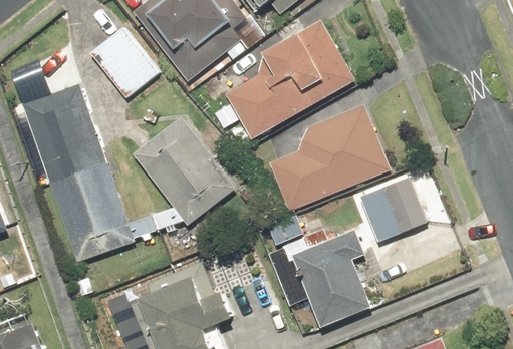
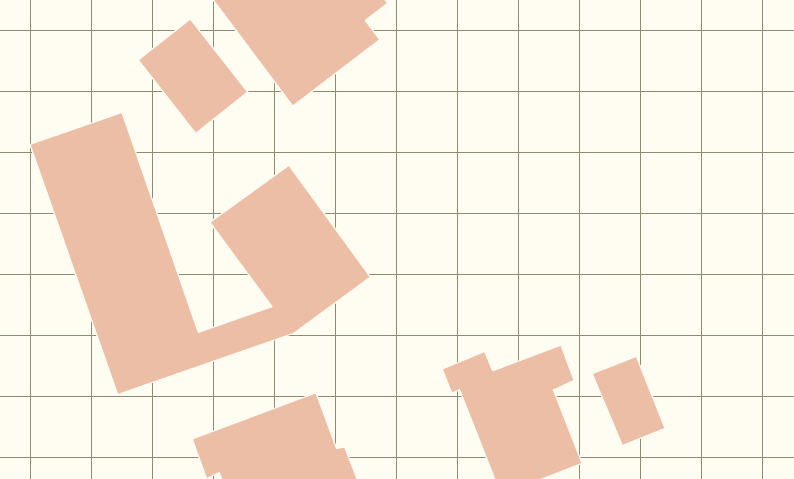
building: [225,20,356,139] -> none
building: [268,106,390,211] -> none
building: [381,177,428,233] -> [592,356,665,446]

